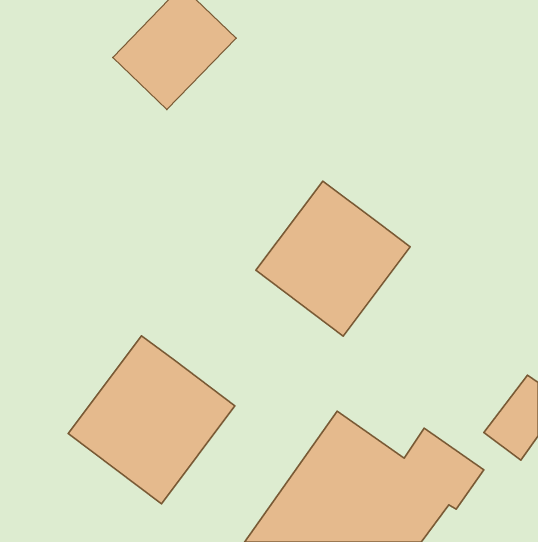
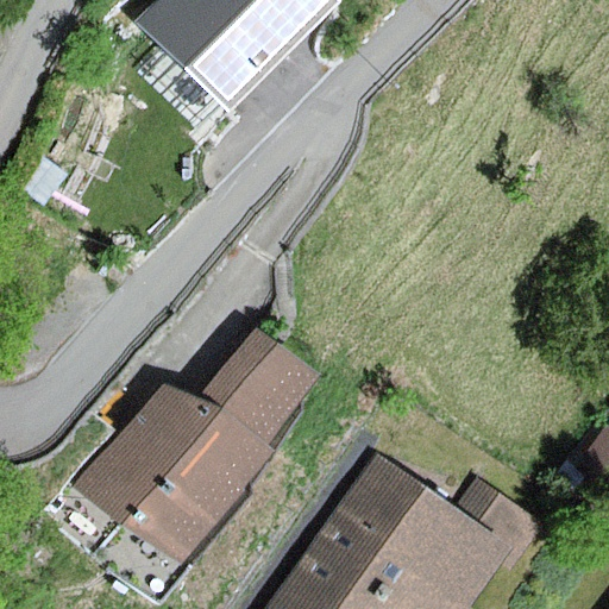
building: [256,181,410,336] -> none
building: none -> [195,326,321,454]

